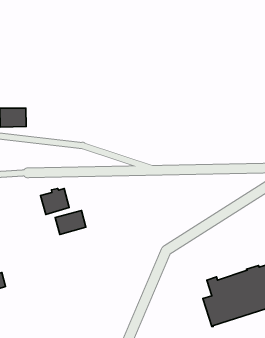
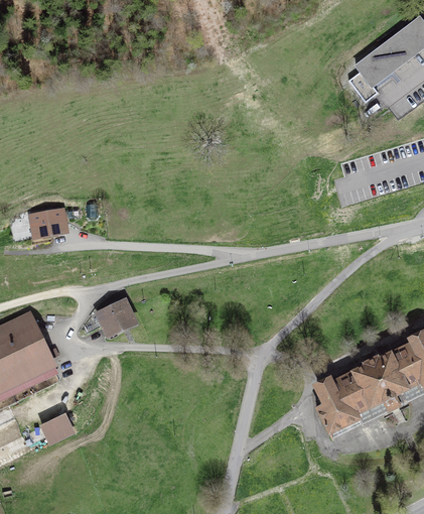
building: [55,211,86,235] -> none

